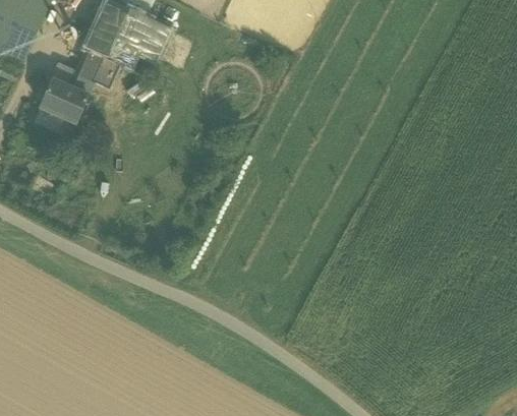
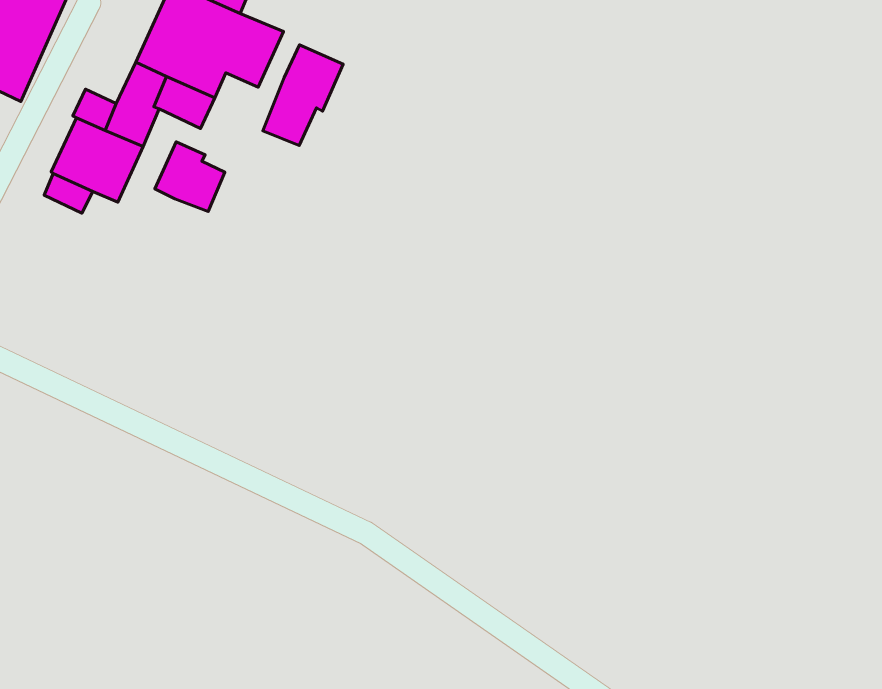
building: none -> [263,45,343,146]
building: none -> [155,142,225,211]

